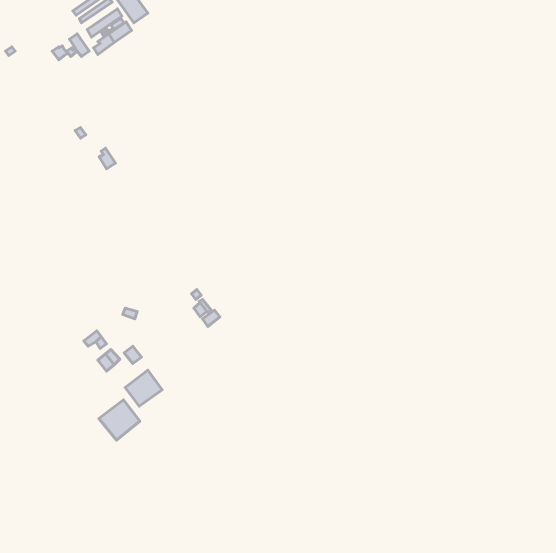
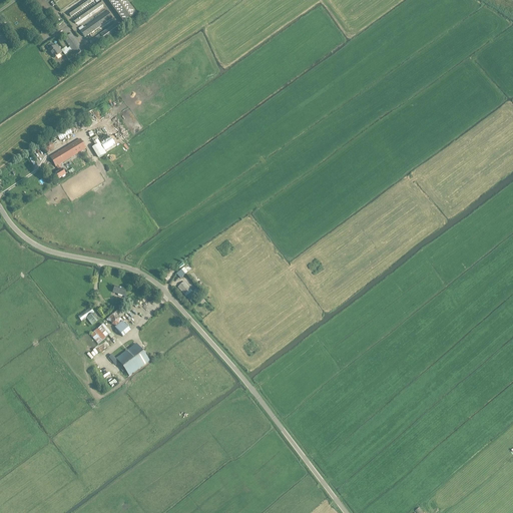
building: none -> [49,136,85,176]
building: [99,400,140,440] -> none

